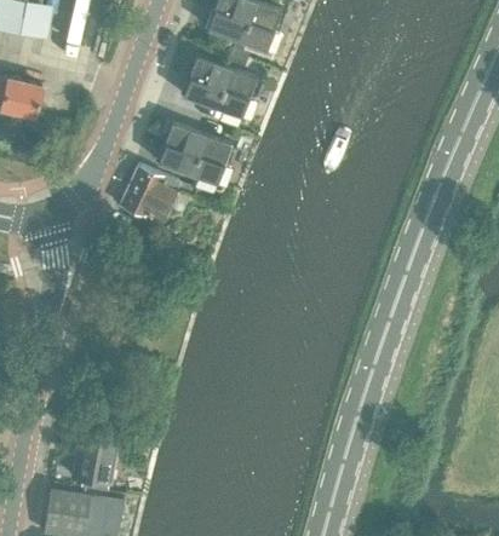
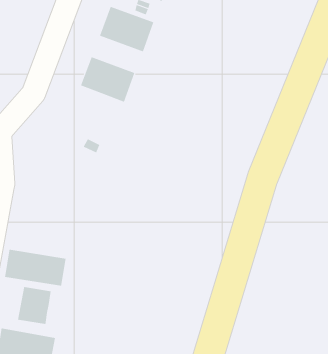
building: [120,162,193,220] -> none
building: none -> [4,249,66,287]

